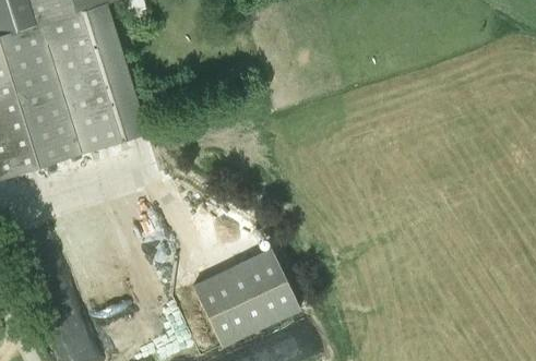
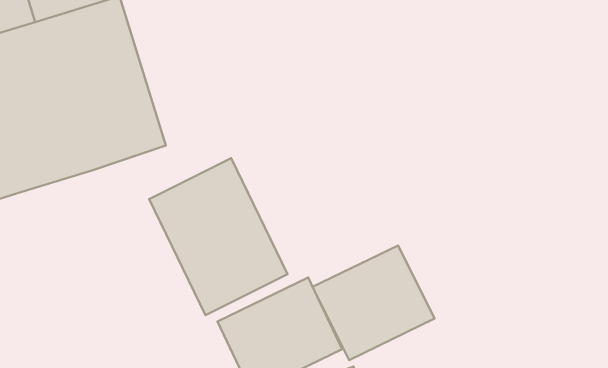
building: none -> [149,158,288,315]
building: none -> [313,245,435,360]

